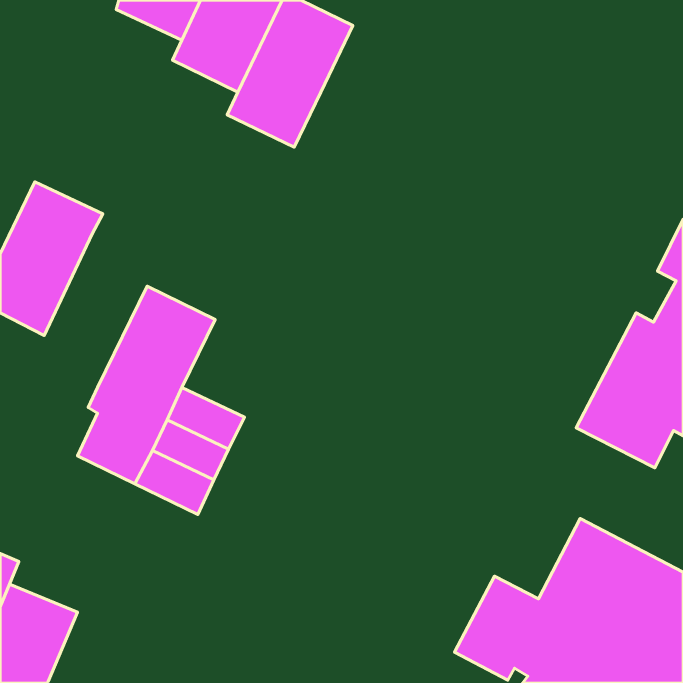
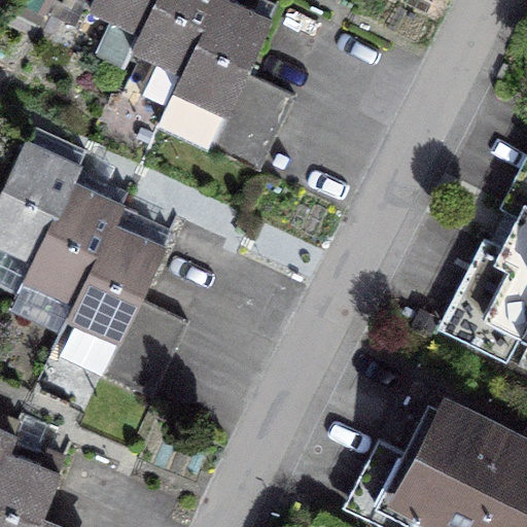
building: none -> [211,71,295,169]
building: none -> [26,180,120,298]

